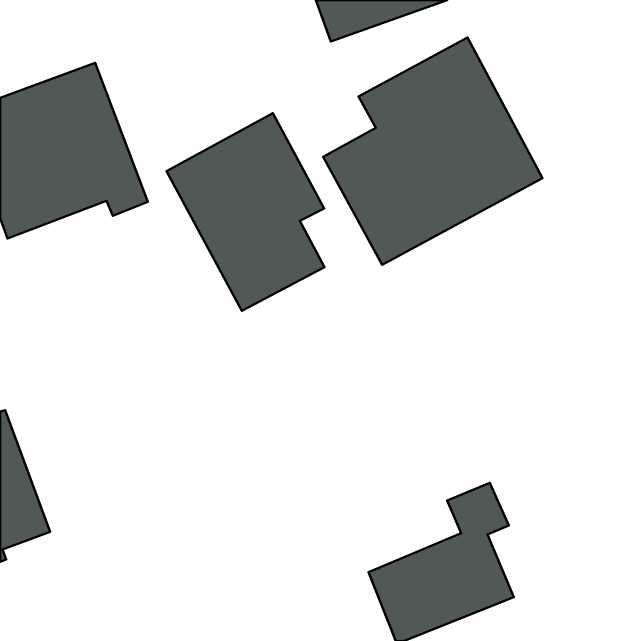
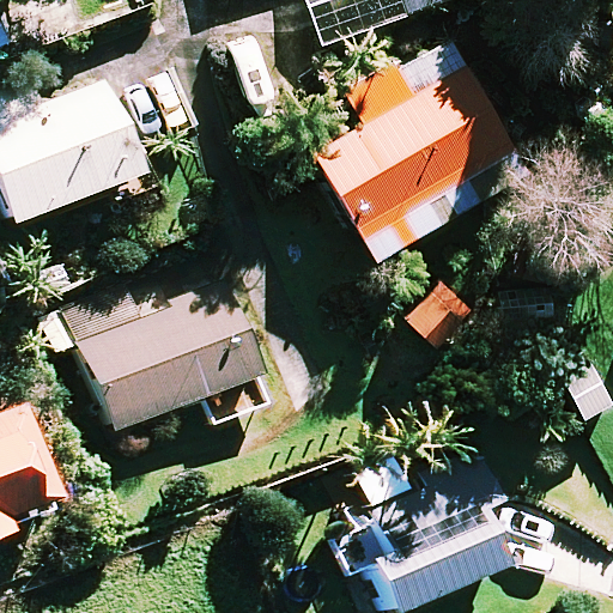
building: [167,113,324,311] -> none
building: none -> [50,287,266,432]

